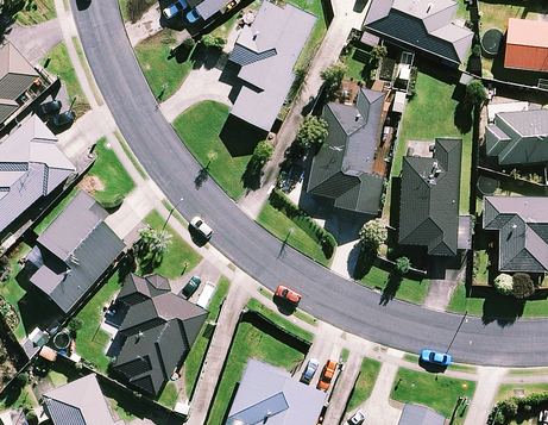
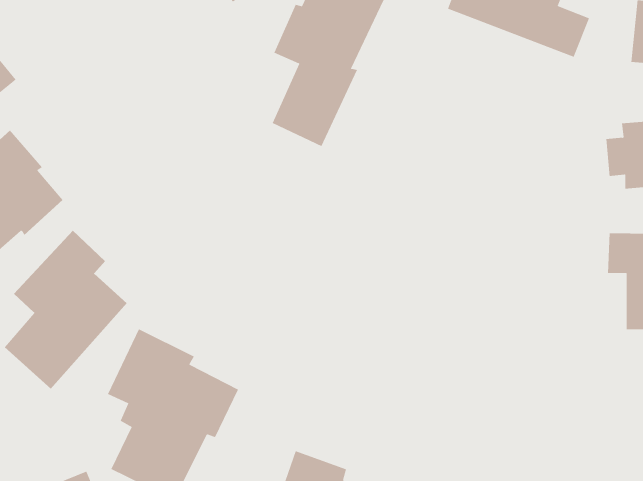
building: [309,87,386,213] -> none
building: [401,136,473,254] -> none

